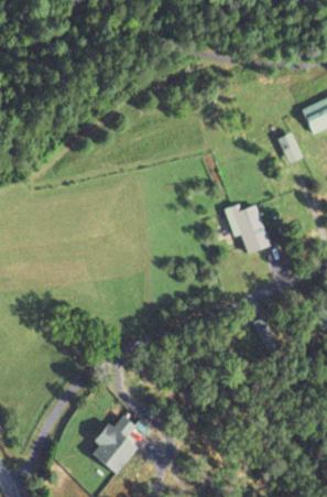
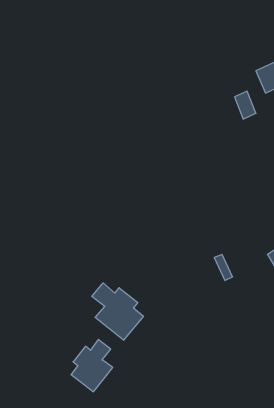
building: [225,203,280,252] -> none
building: none -> [92,283,143,340]

